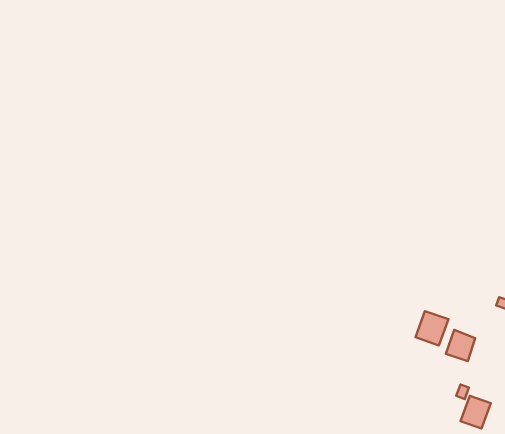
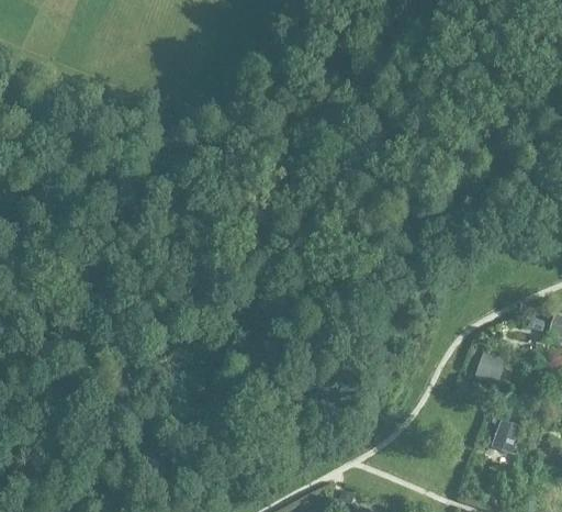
building: [415,311,449,345] -> none

